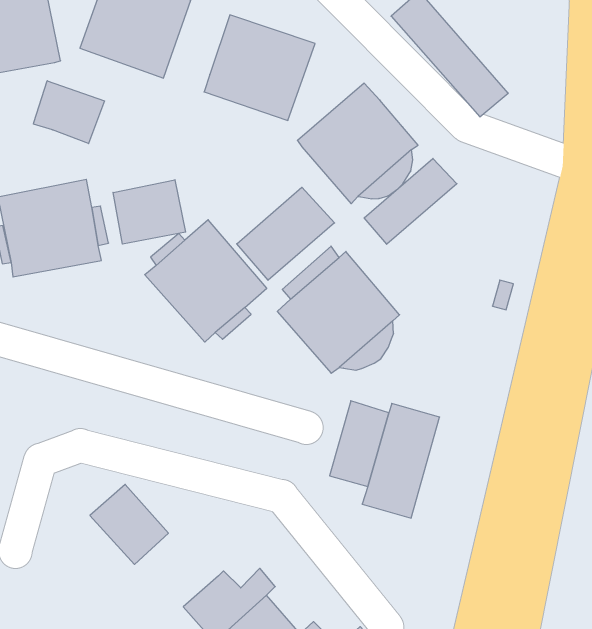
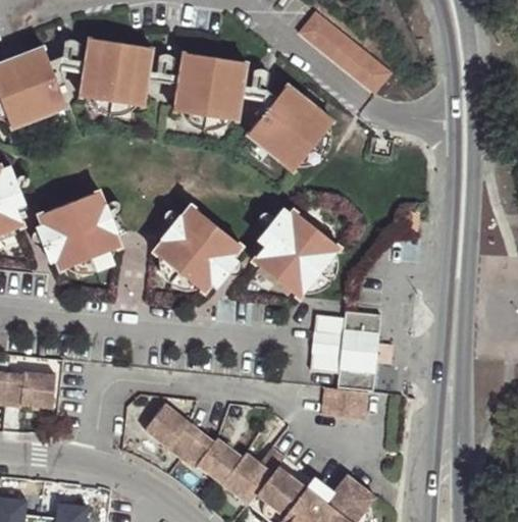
building: [33,81,105,144] -> none
building: [364,158,457,244] -> none
building: [113,180,186,244] -> none
building: [237,187,335,280] -> none
building: none -> [320,388,366,421]
building: none -> [180,431,242,482]

